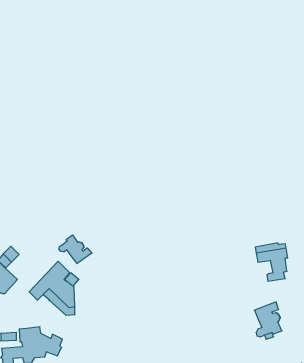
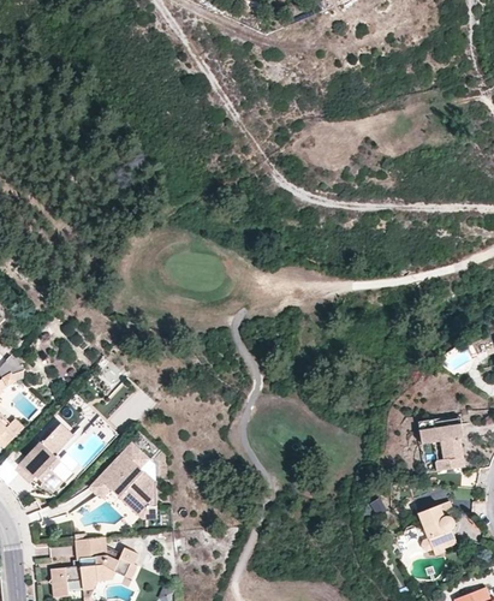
building: [59,235,92,264] -> none

